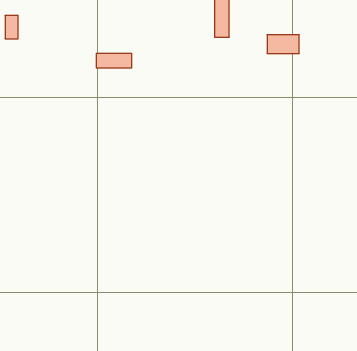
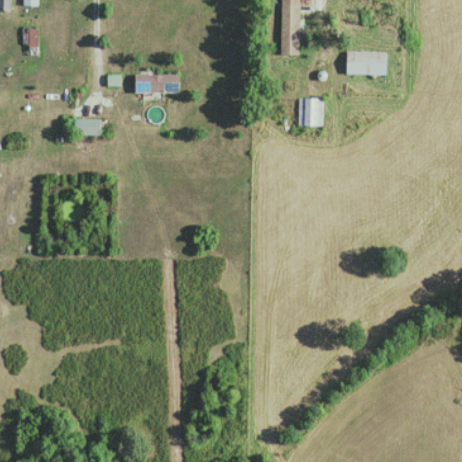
building: none -> [299,98,324,125]
building: none -> [75,118,102,135]

